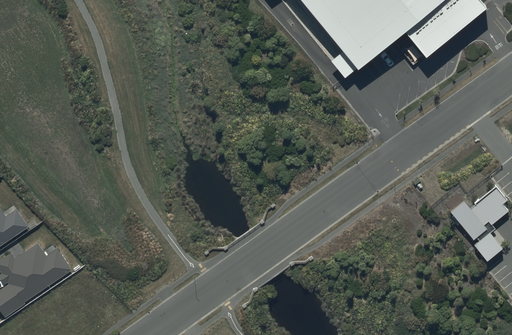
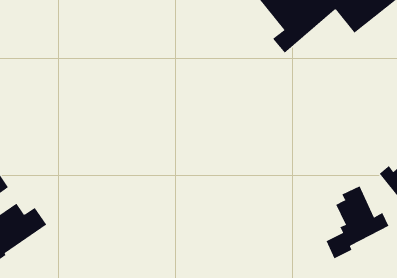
building: none -> [326,185,389,259]

